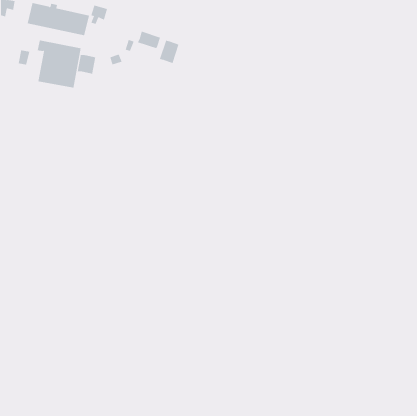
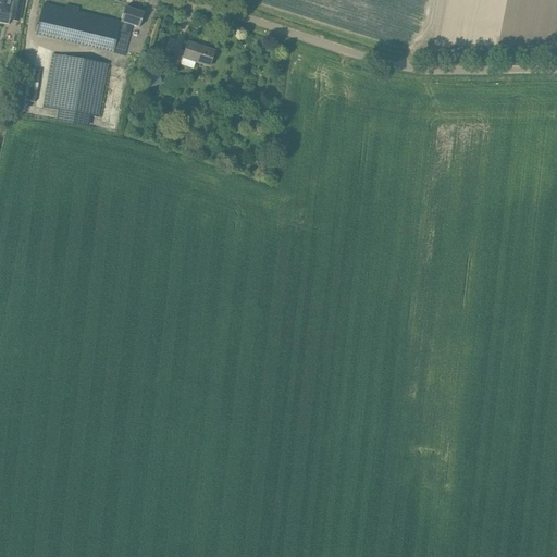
building: [159,40,179,64] -> none
building: [77,54,96,74] -> none

